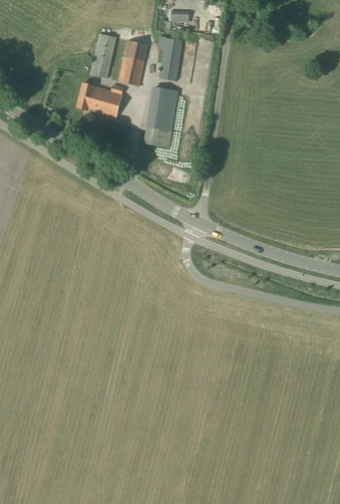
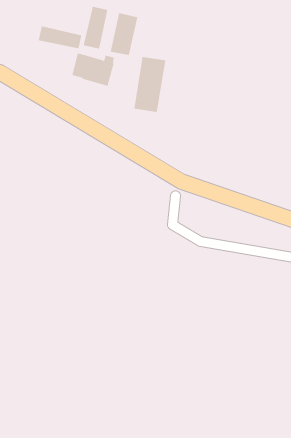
building: [156,36,183,80] -> none
building: none -> [38,26,82,49]

